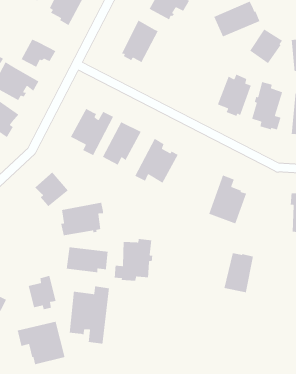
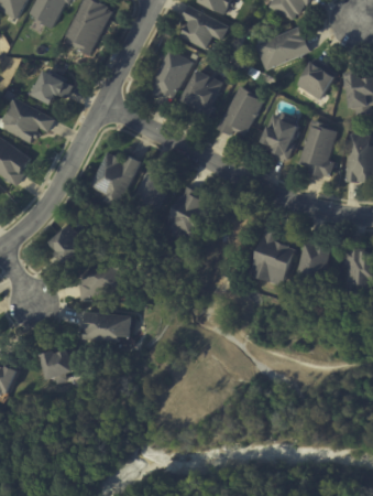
building: none -> [180,69,221,119]
building: none -> [217,85,263,136]
building: [114,238,153,282] -> none
building: [224,252,254,293] -> [295,242,330,290]
building: [69,286,110,345] -> none
building: [16,321,66,365] -> none

